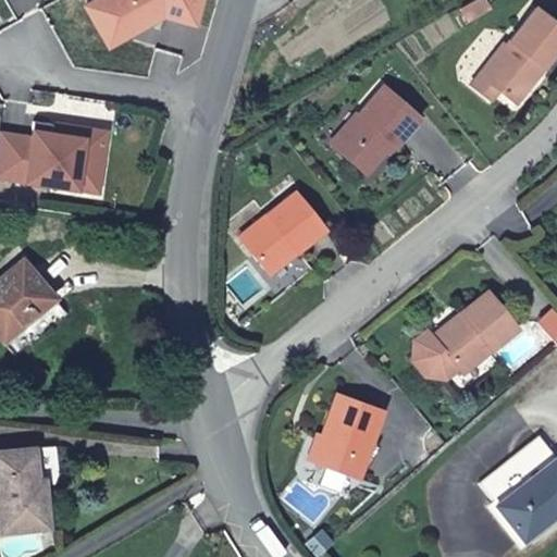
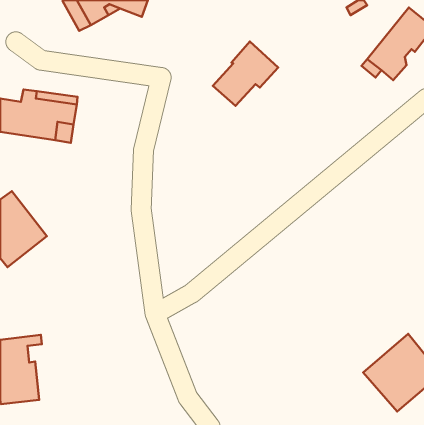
building: [334,90,419,174] -> [213,42,278,106]
building: [238,196,323,272] -> none
building: [413,292,519,377] -> none
building: [314,394,385,480] -> none

